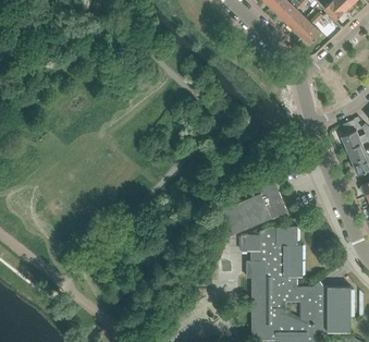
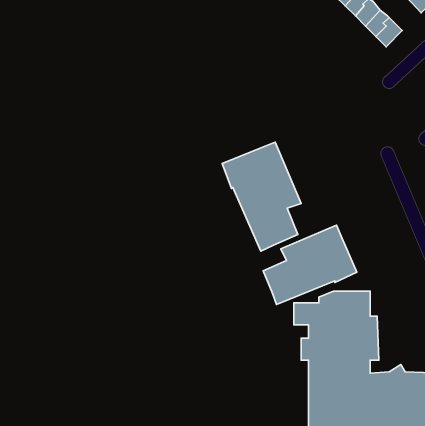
building: none -> [222,142,301,251]

